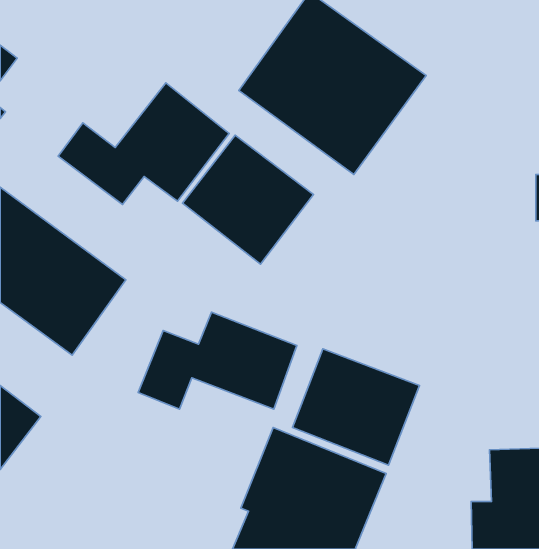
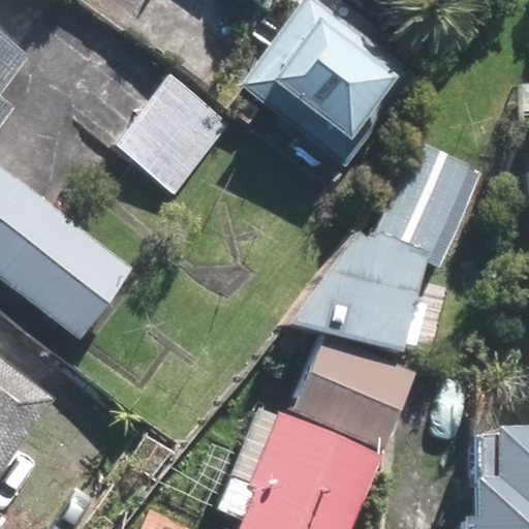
building: [182,135,313,264] -> none
building: none -> [291,138,486,348]
building: [138,312,297,409] -> none

